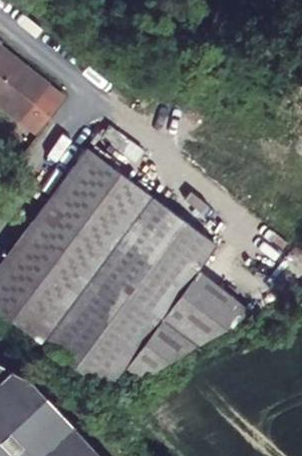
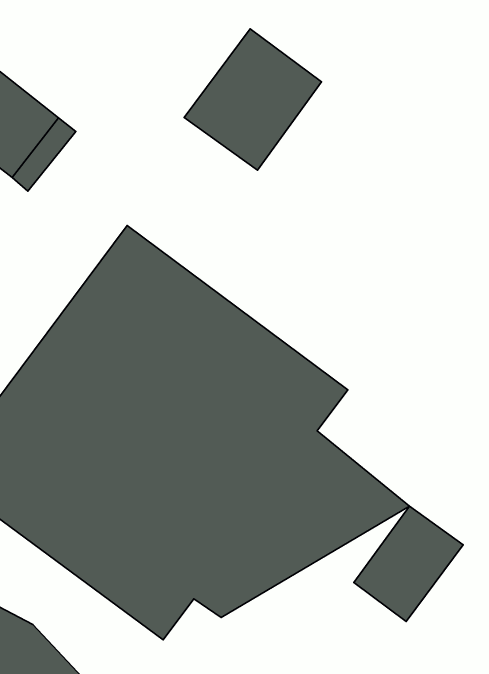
building: none -> [184,29,322,170]
building: none -> [354,506,463,622]

